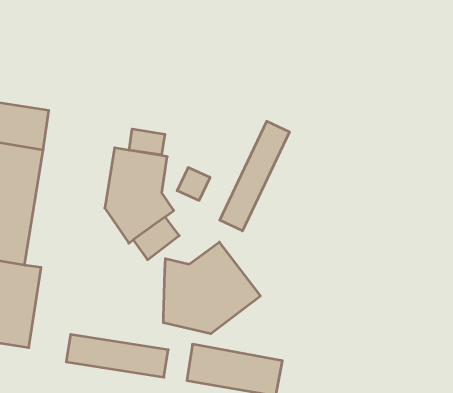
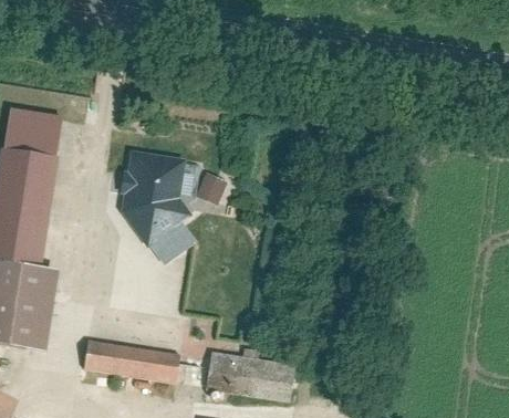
building: [220,121,289,231] -> none
building: [129,129,165,155] -> none
building: [163,242,260,334] -> none

